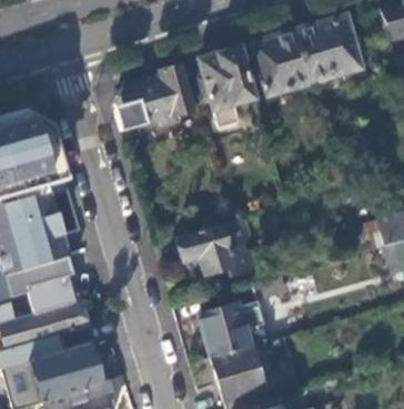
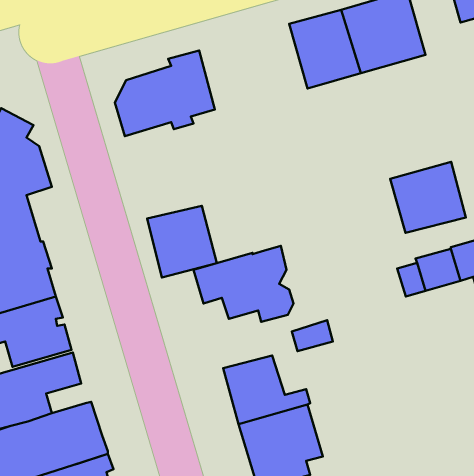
building: [194,48,252,110] -> none
building: none -> [390,162,466,233]
building: none -> [147,206,217,278]

